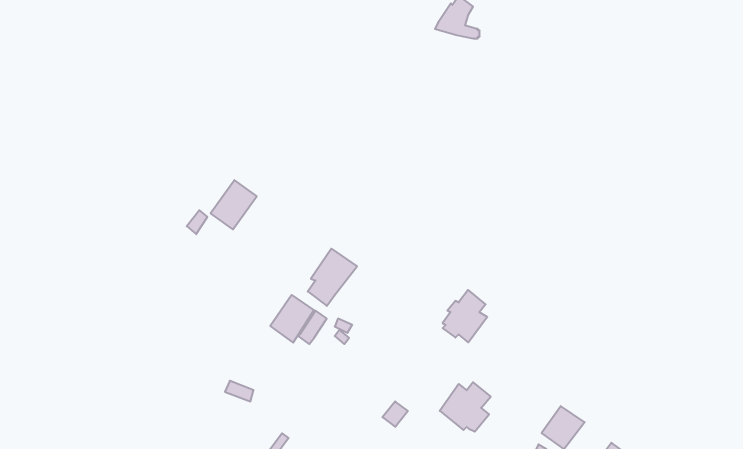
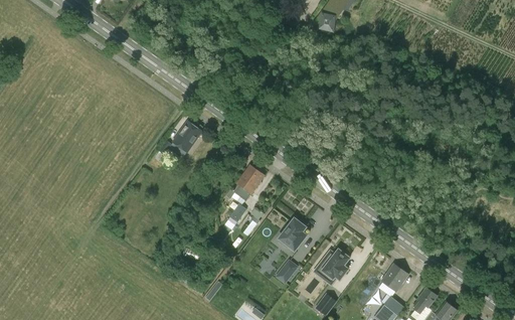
building: [443,290,487,342] -> [278,217,306,251]
building: [270,295,314,343] -> none

